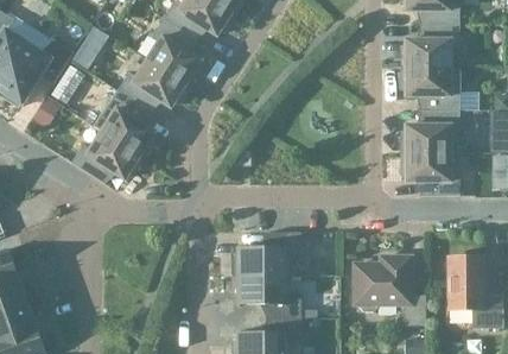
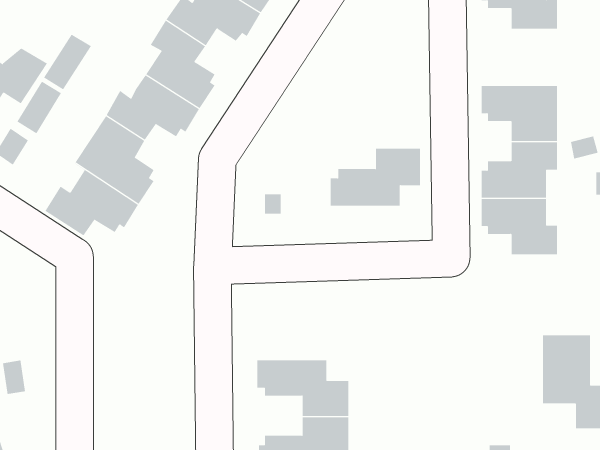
building: [402,24,461,67] -> none
building: [233,230,301,274] -> [330,148,421,206]
building: [355,255,426,323] -> none

